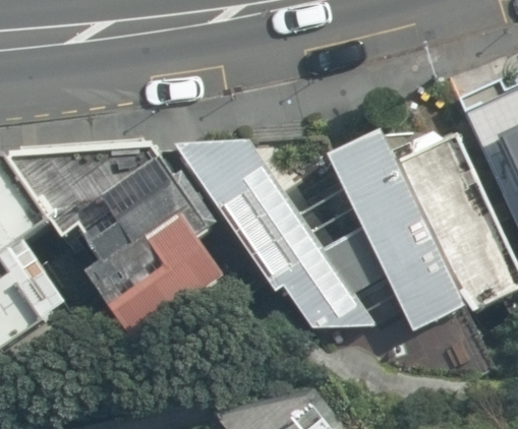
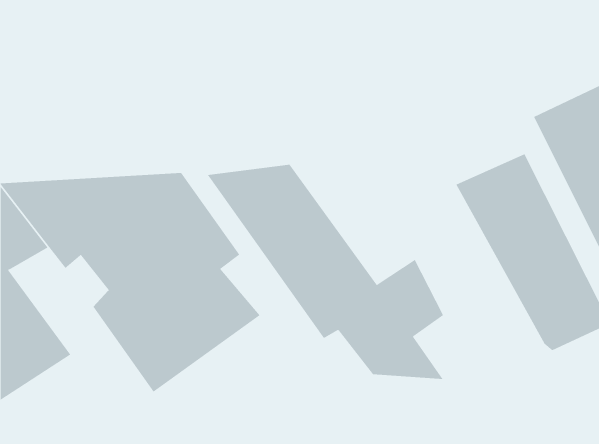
building: [319,127,469,328] -> none

